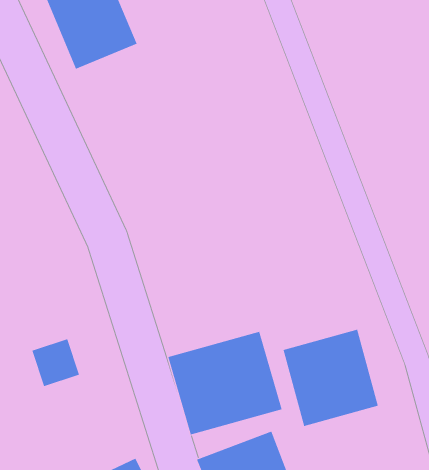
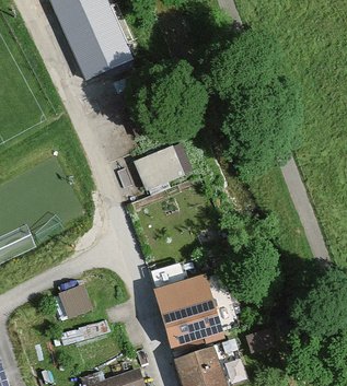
building: none -> [130,141,188,195]
building: [283,329,378,427] -> none

